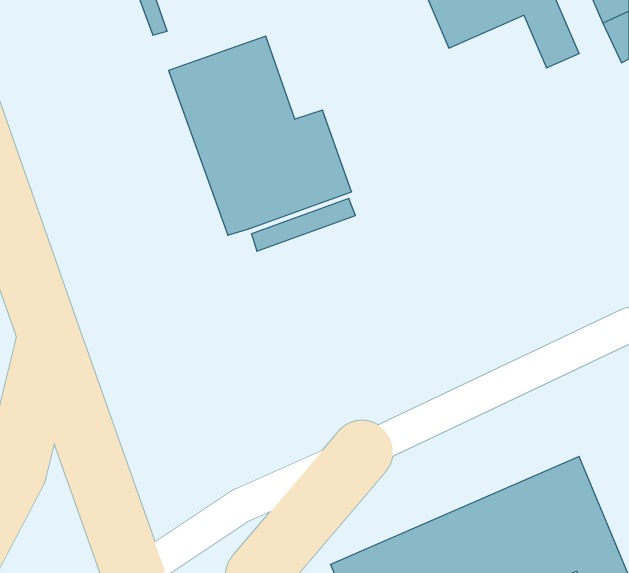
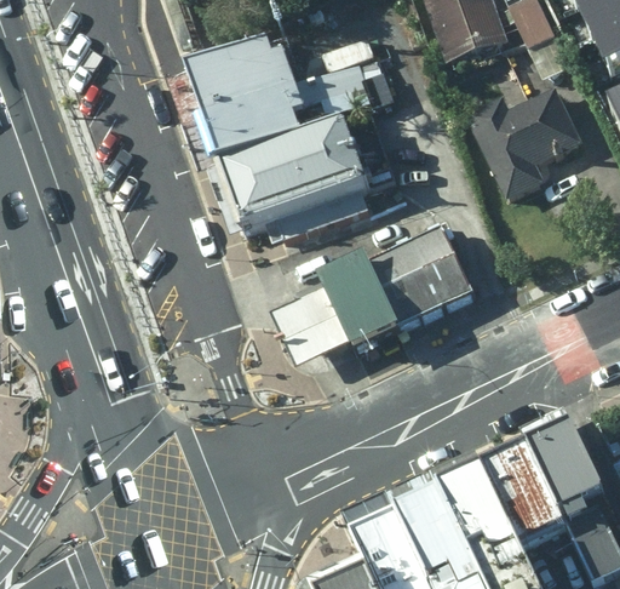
building: none -> [471,86,580,200]
building: none -> [269,215,470,368]

